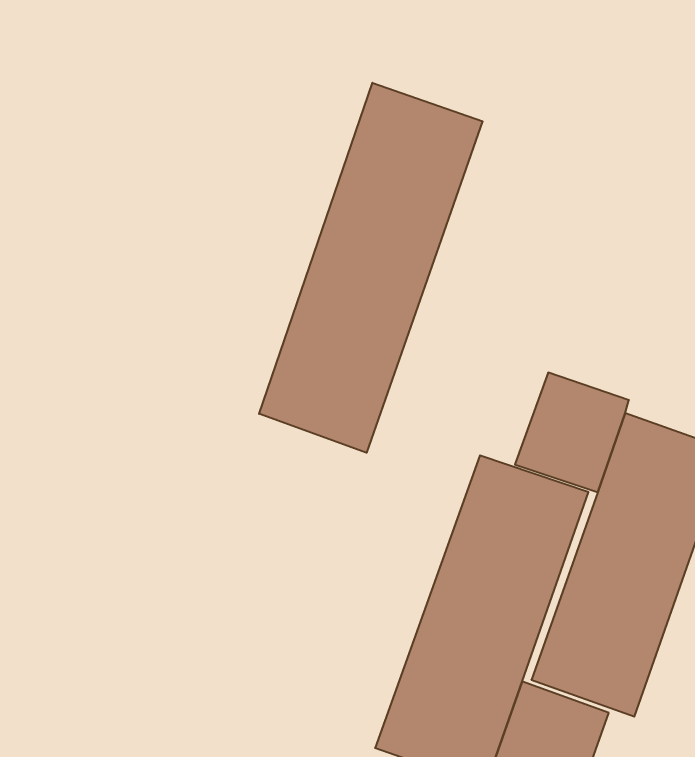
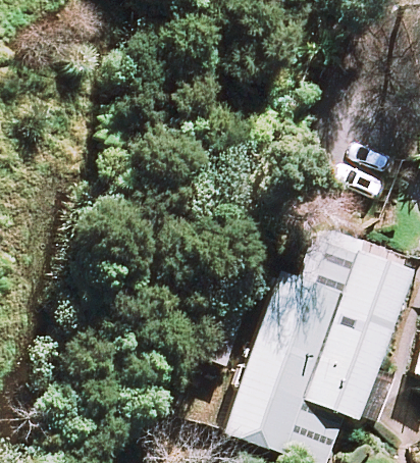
building: [259,83,483,453] -> none

